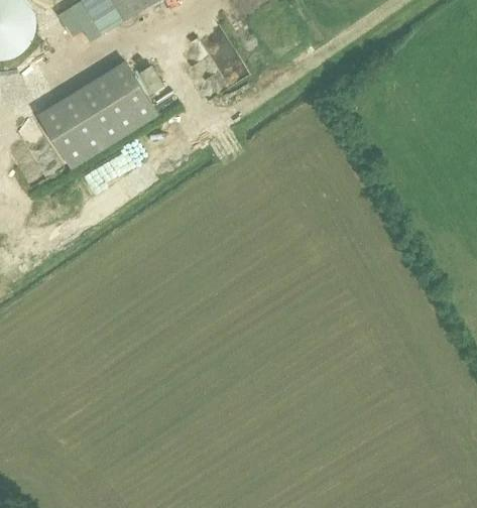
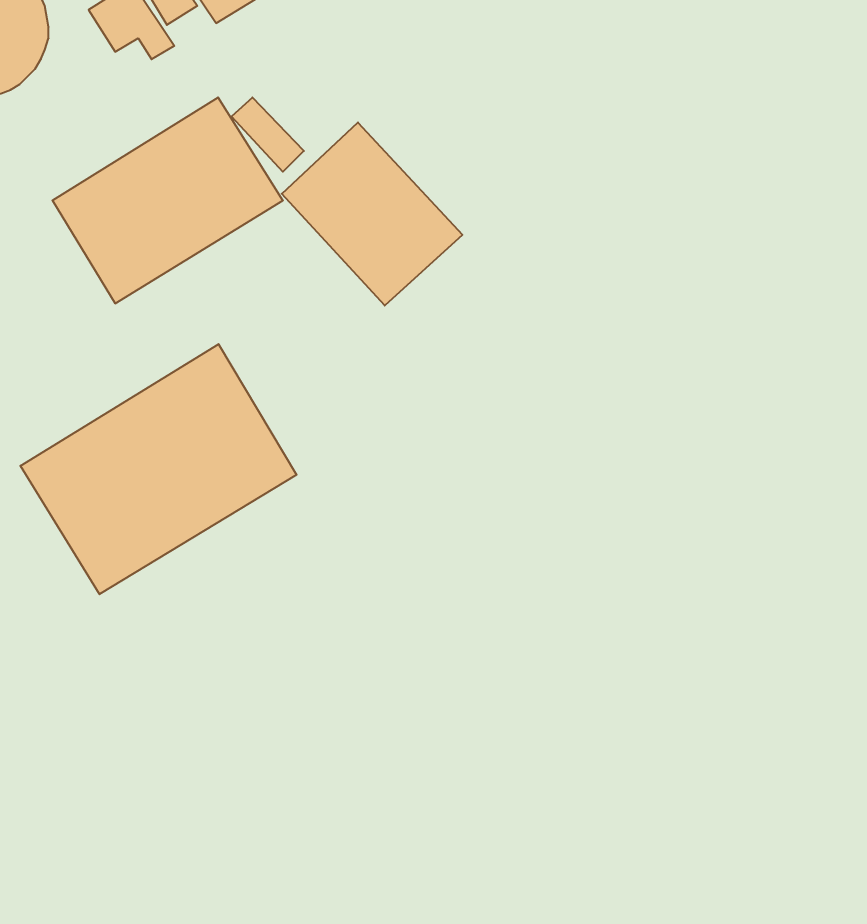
building: none -> [282,122,462,306]
building: none -> [20,344,297,594]

